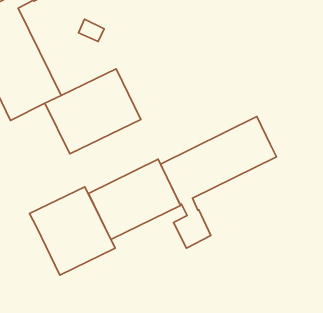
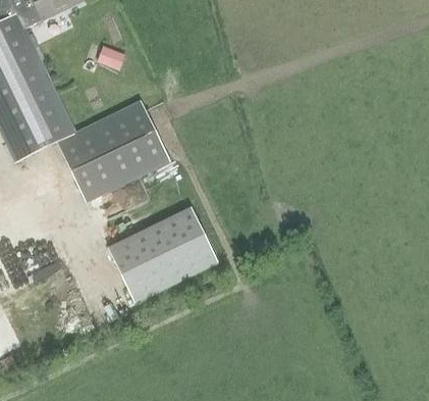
building: [161,117,277,248] -> none
building: [30,187,115,275] -> none

